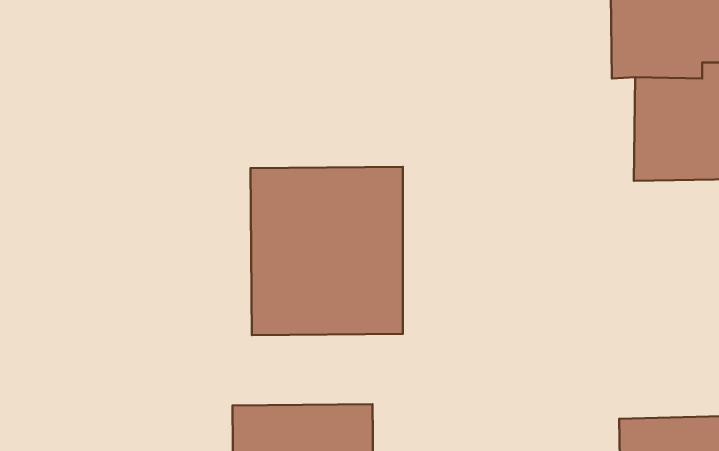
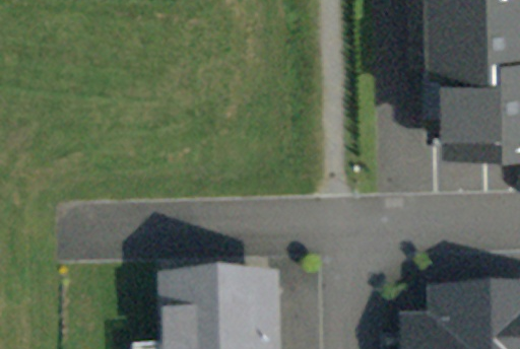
building: [250,167,403,335] -> none

